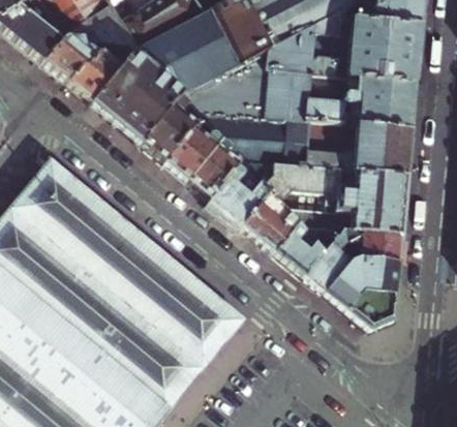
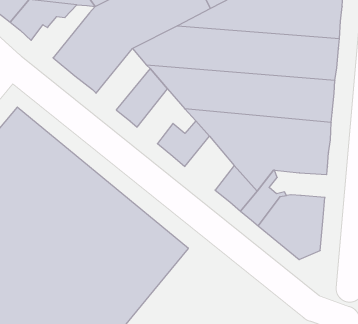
building: [67,41,133,101] -> none
building: [141,91,202,160] -> none
building: [187,136,241,199] -> none
building: [241,190,297,251] -> none
building: [342,228,401,260] -> none

